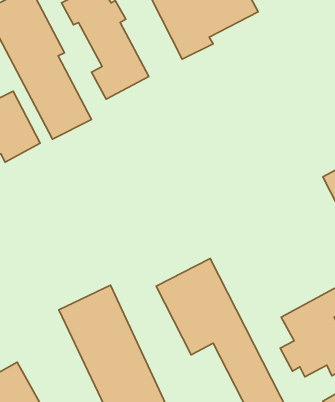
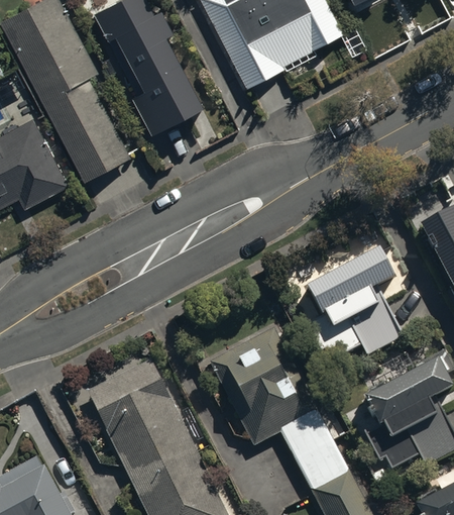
building: none -> [307,247,404,362]

